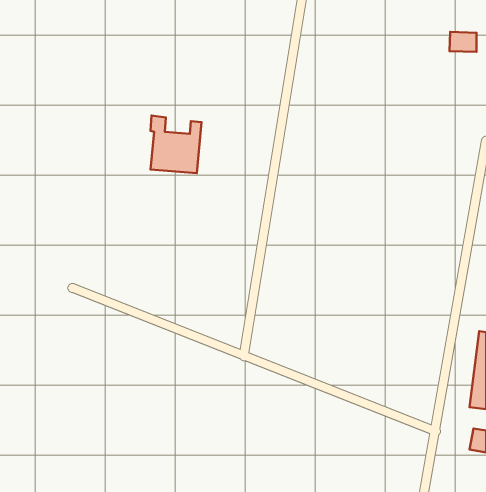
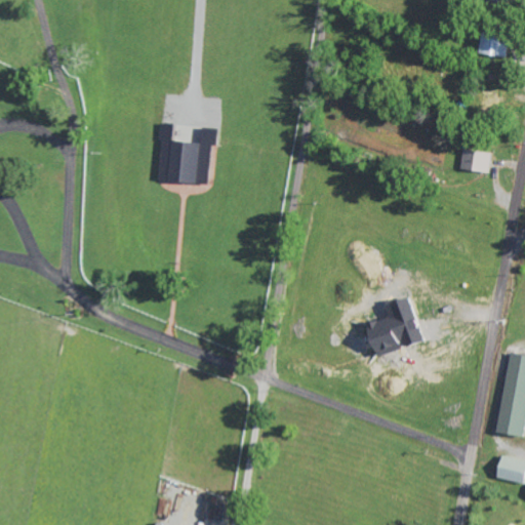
building: none -> [459,149,490,172]
building: none -> [369,298,421,351]

